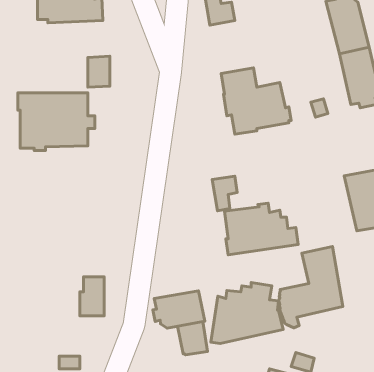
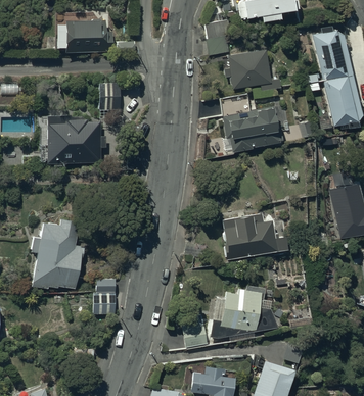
building: none -> [224,49,281,90]
building: [212,176,237,211] -> none
building: none -> [31,219,87,288]
building: [279,246,343,328] -> none
building: [153,291,205,328] -> none

